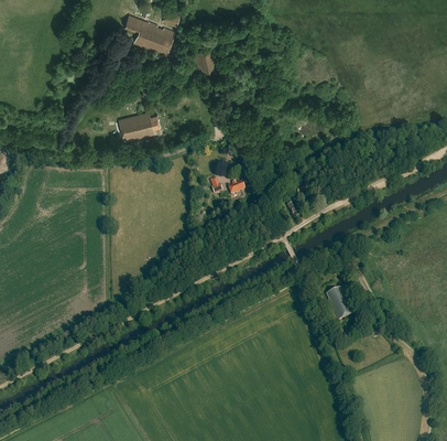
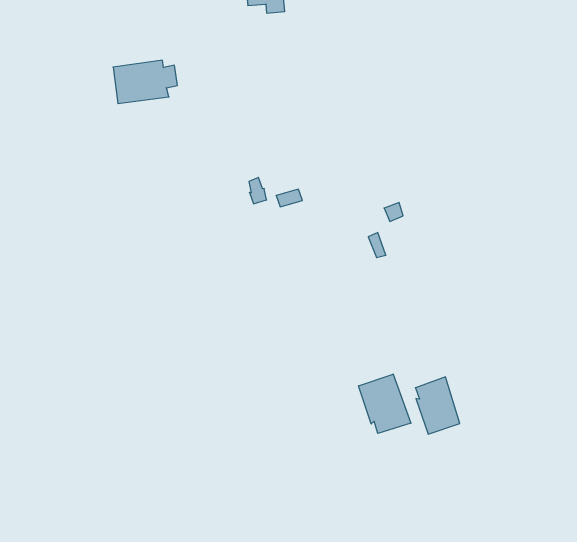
building: none -> [359,374,411,433]

